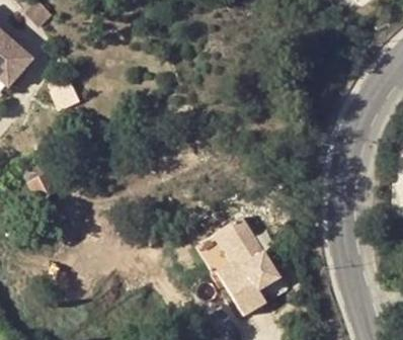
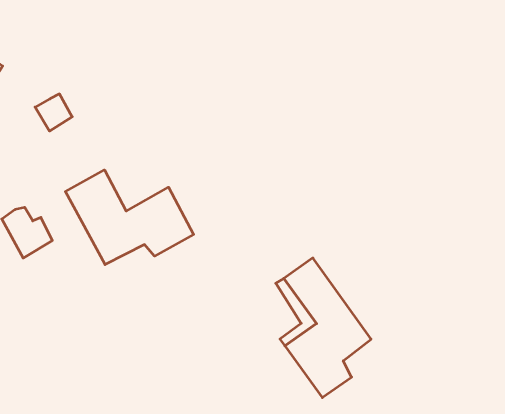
building: none -> [65,170,194,265]

